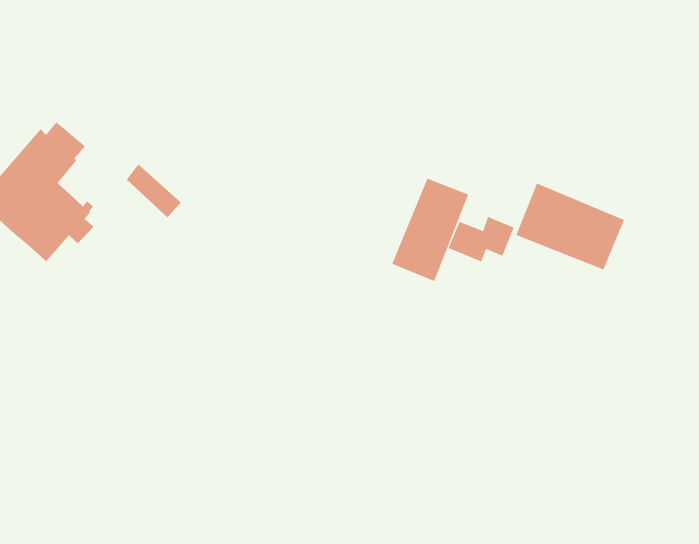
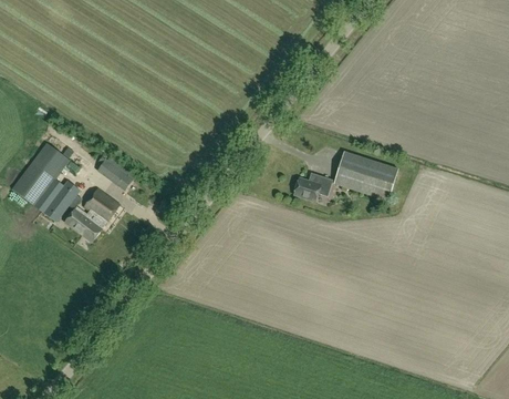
building: [392,178,469,282] -> none
building: none -> [64,188,120,242]

